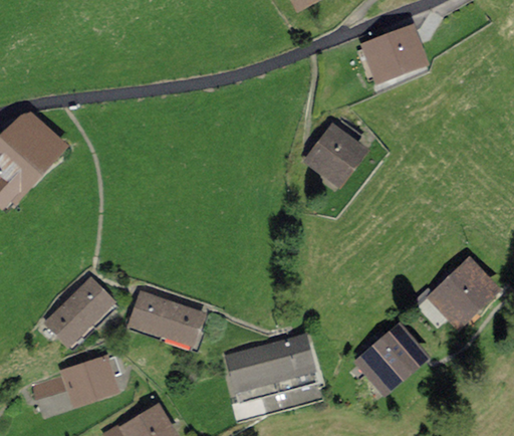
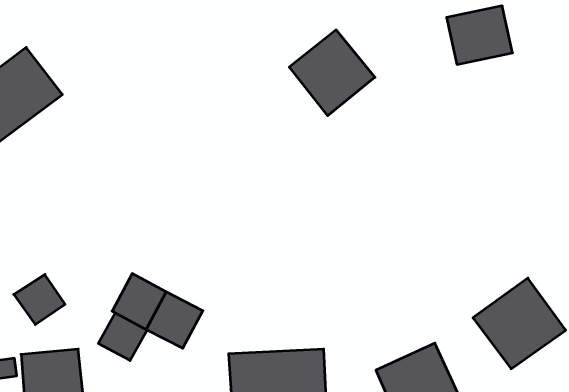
building: [300,128,371,199] -> [289,30,375,116]
building: [69,280,112,324] -> none
building: none -> [98,313,147,361]

